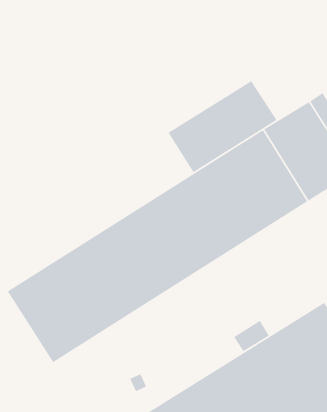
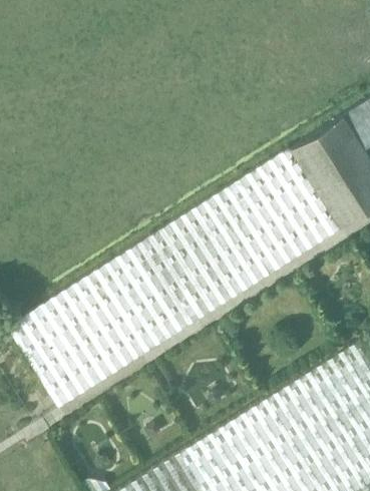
building: [167,80,278,173] -> none
building: [233,320,270,352] -> none

